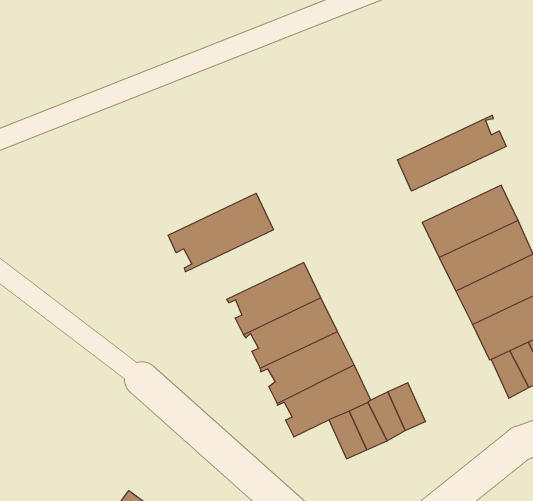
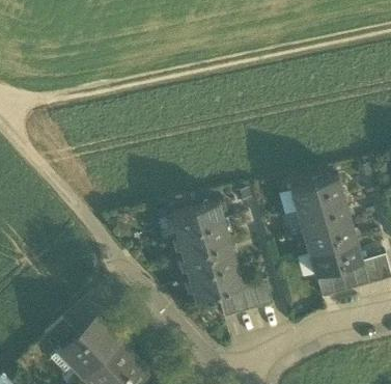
building: [398,115,506,191] -> none
building: [168,193,273,272] -> none

